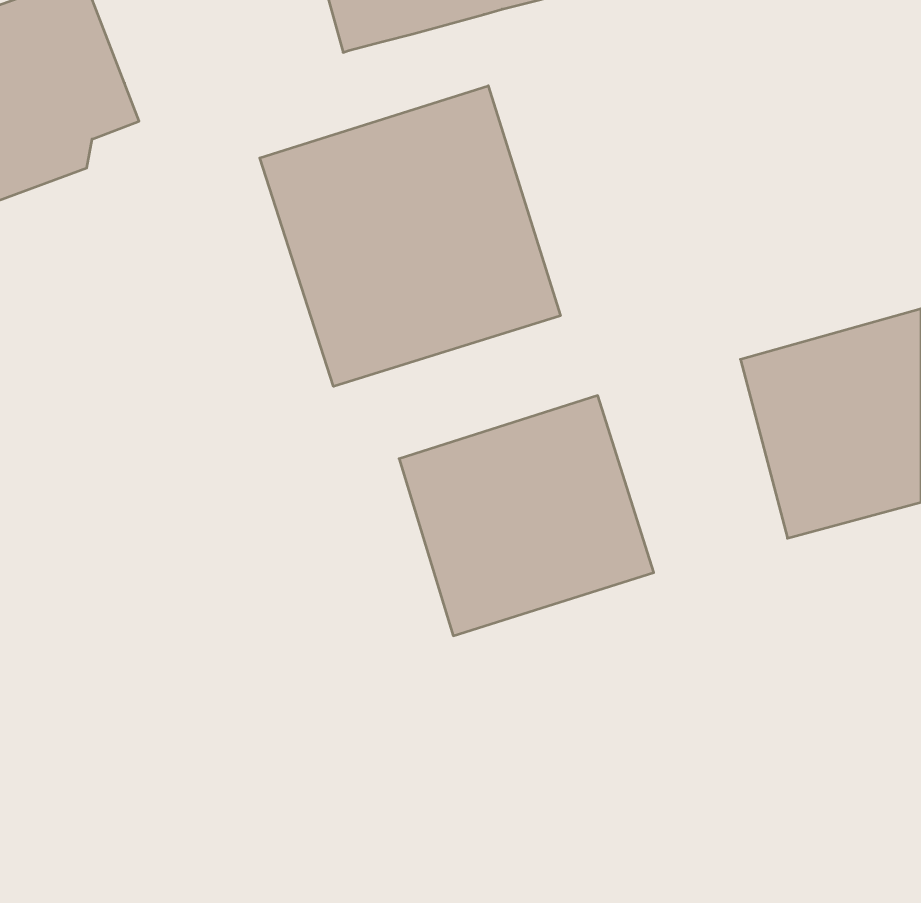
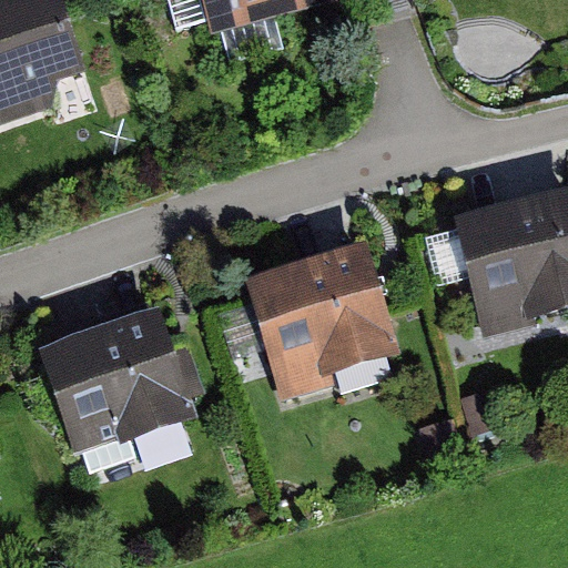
building: [260,86,560,386] -> none
building: none -> [38,305,195,452]

